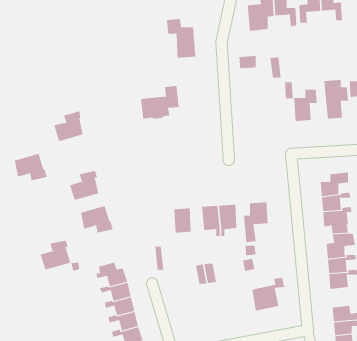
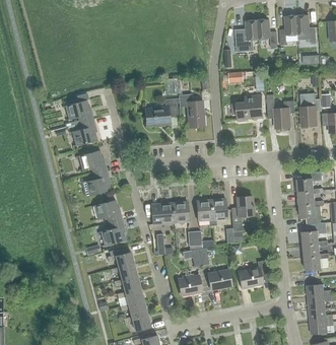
building: [166,18,196,58] -> [179,93,204,127]
building: none -> [236,94,263,121]
building: none -> [65,99,93,123]
building: [14,153,48,181] -> [78,149,107,172]
building: none -> [150,202,174,224]
building: [40,240,71,270] -> [99,219,126,245]
building: none -> [208,268,231,290]
building: none -> [178,274,201,295]

